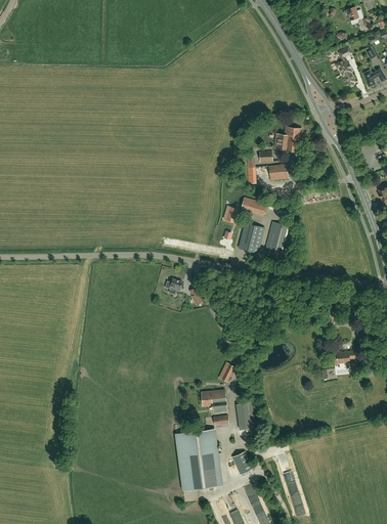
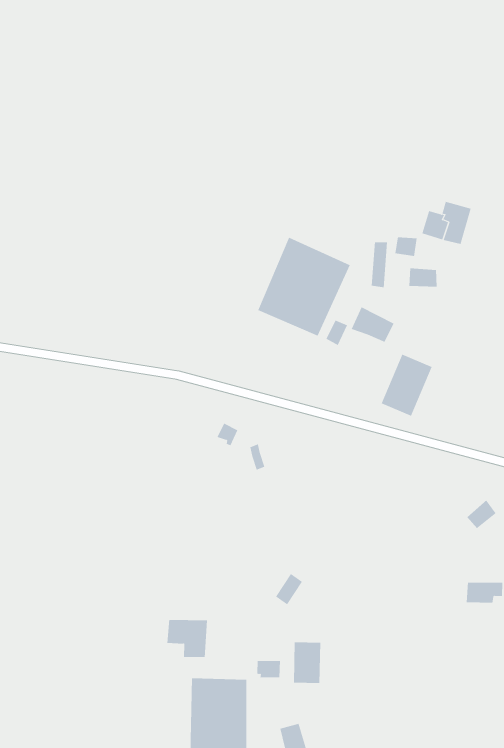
building: none -> [258,237,350,336]
building: [239,222,265,253] -> none
building: [202,389,227,413] -> [167,620,208,658]

